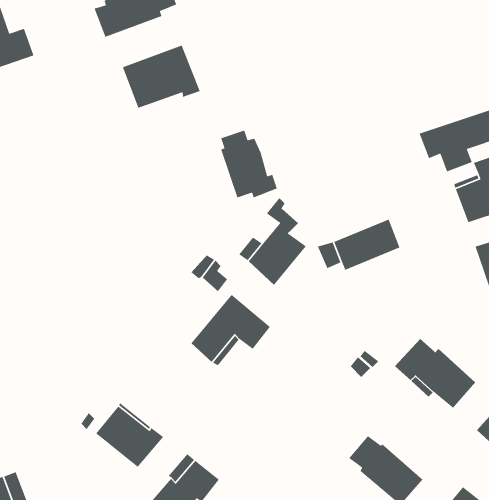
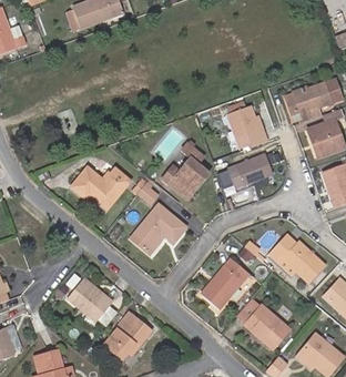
building: [122,44,201,109] -> none
building: [220,130,278,199] -> [227,101,266,147]
building: none -> [71,166,130,208]
building: none -> [201,257,248,309]

